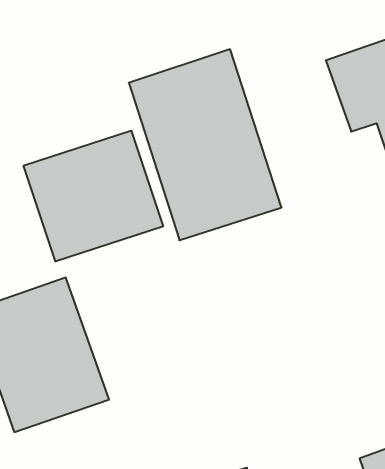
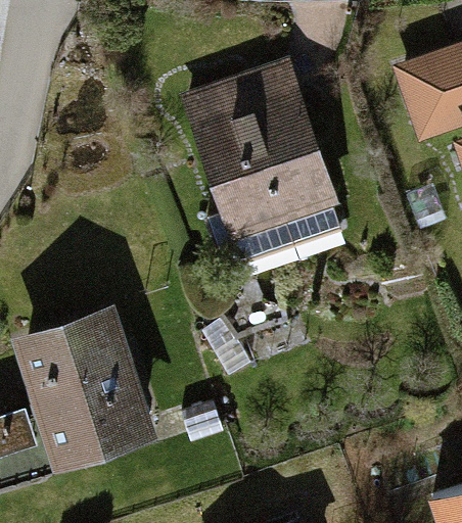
building: [24,131,163,261] -> none

